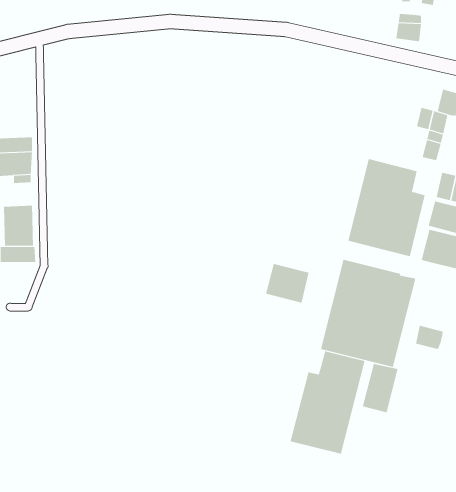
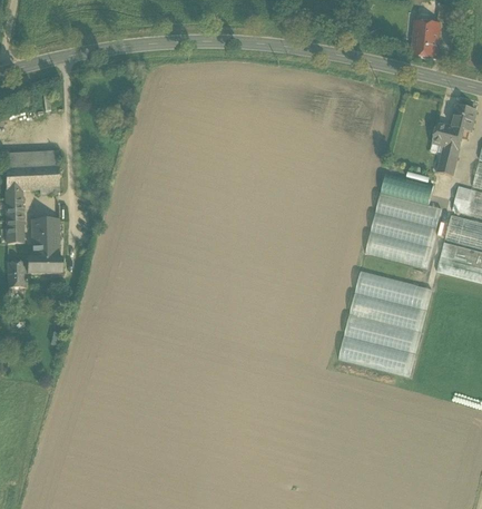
building: [265,263,309,304] -> none
building: [415,325,443,350] -> none
building: [290,351,365,455] -> none
building: [362,363,398,413] -> none

